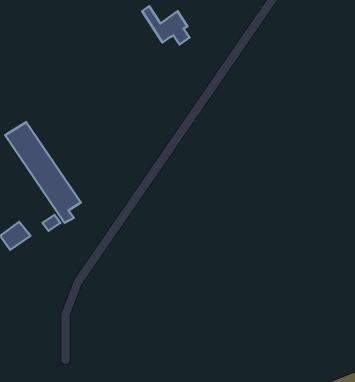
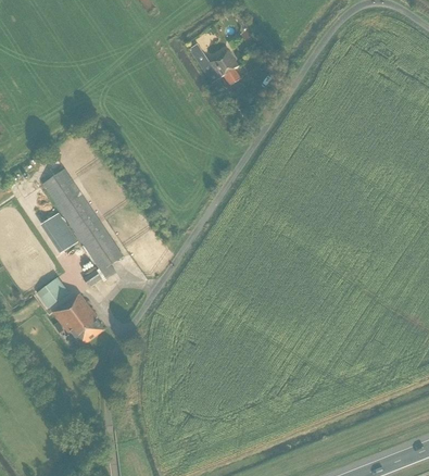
building: none -> [40,213,77,252]
building: none -> [52,292,103,347]

